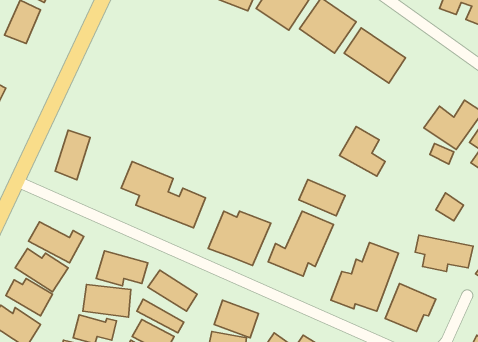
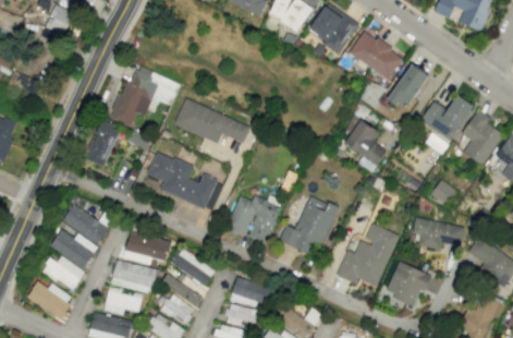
building: none -> [111,63,180,126]
building: none -> [389,63,427,110]
building: none -> [173,98,249,143]
building: [299,180,345,216] -> none

